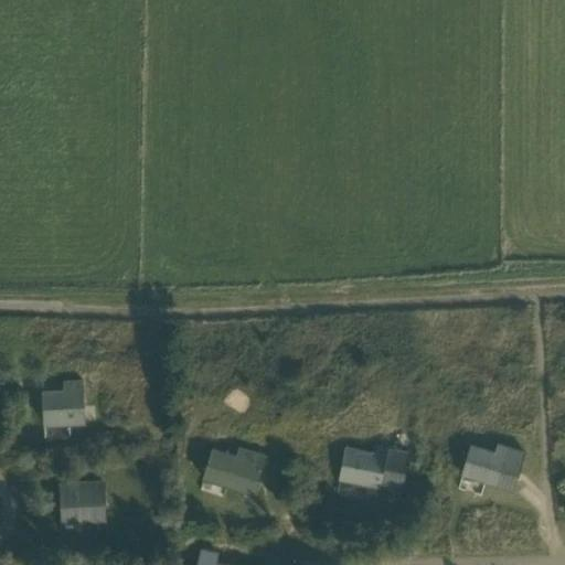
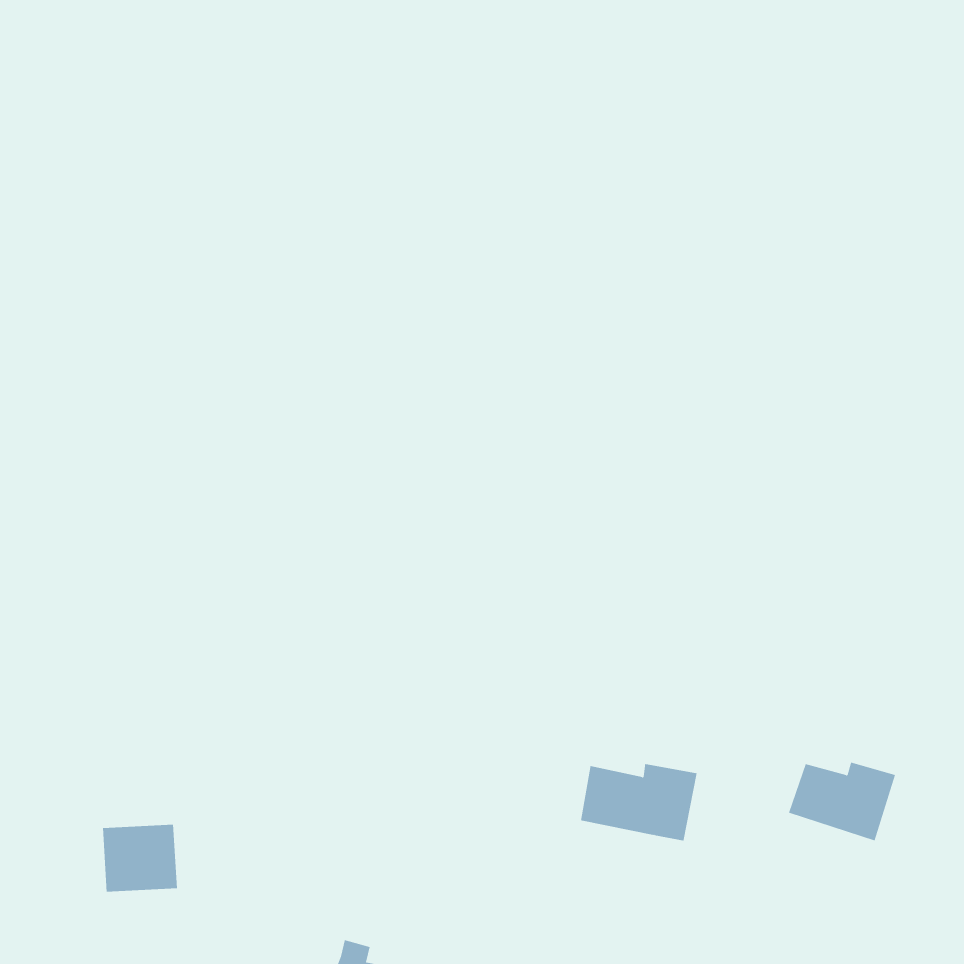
building: [41,382,84,426] -> none
building: [203,449,276,500] -> none

